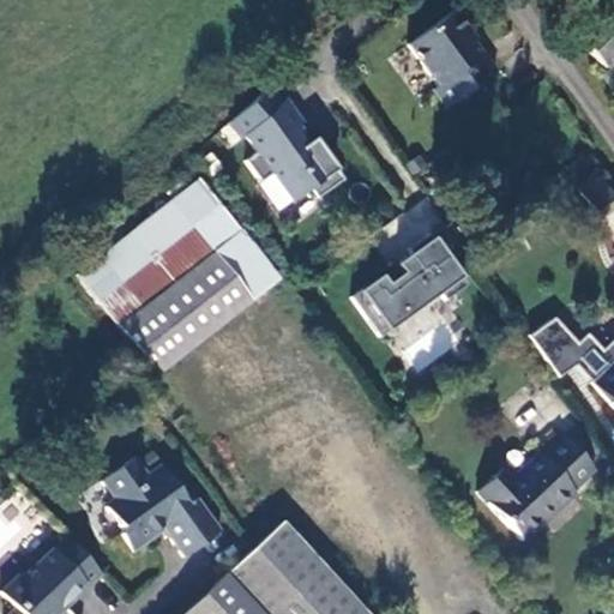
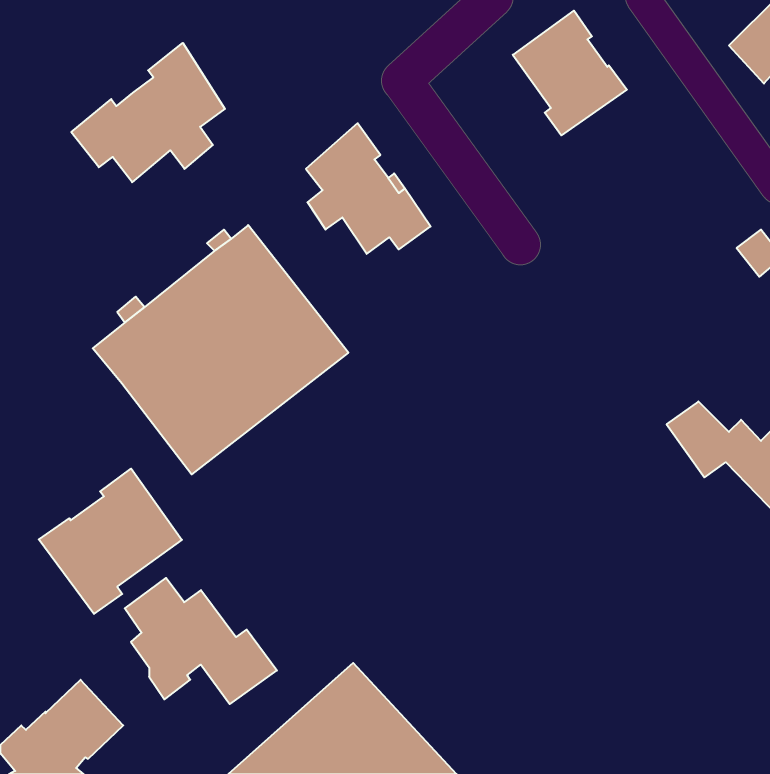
building: none -> [71,43,225,182]
building: [354,233,469,336] -> none
building: none -> [39,469,182,614]
building: [481,434,600,540] -> none

